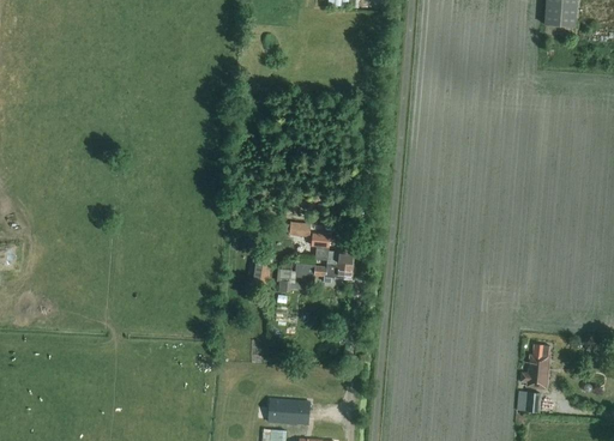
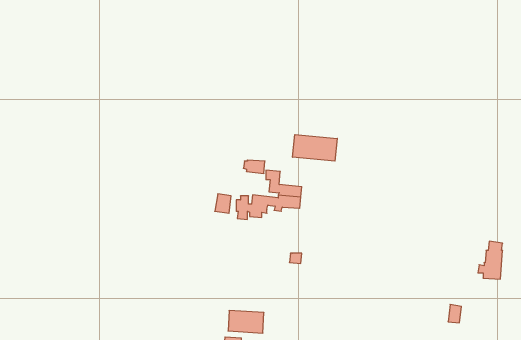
building: none -> [293,135,337,161]
building: [520,344,549,388] -> [478,241,503,279]

